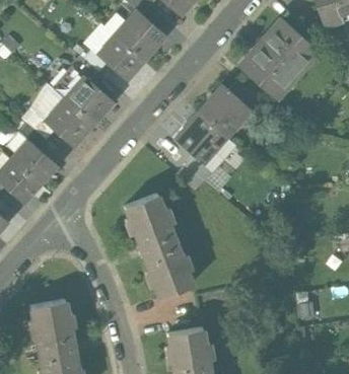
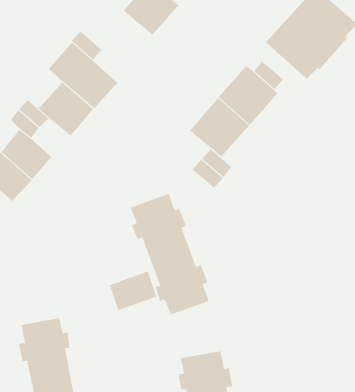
building: [97,36,142,80] -> none
building: none -> [109,271,158,310]

